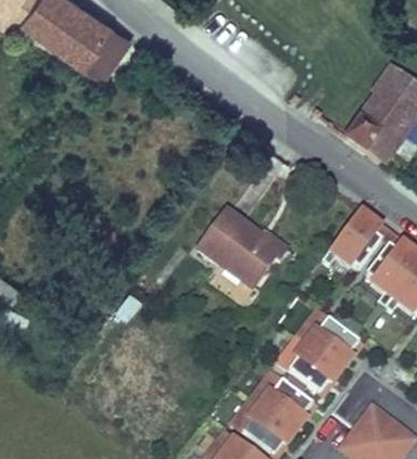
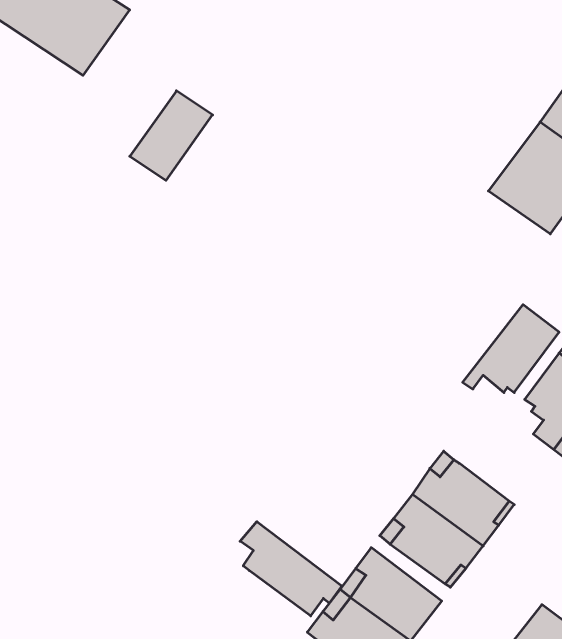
building: [86,26,138,82] -> [130,91,213,180]
building: [200,211,294,290] -> none
building: none -> [240,522,342,616]

